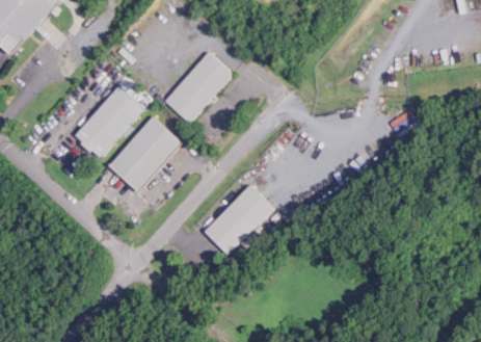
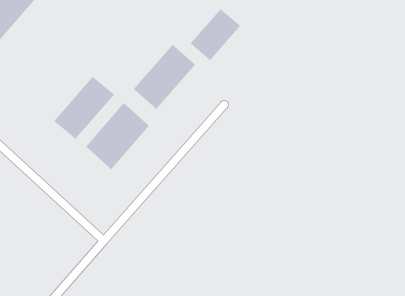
building: none -> [189,8,241,61]
building: [205,184,274,255] -> none

